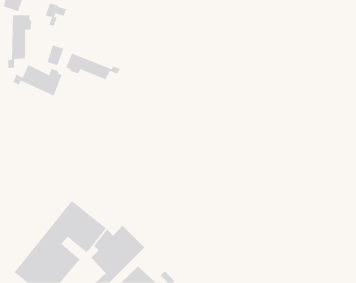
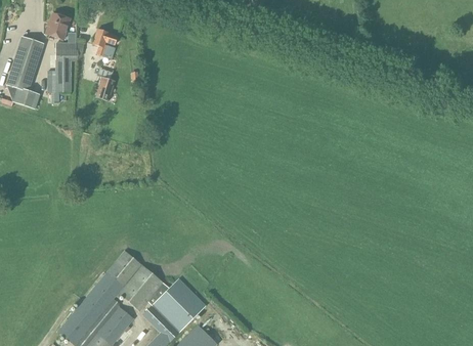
building: [65,53,121,80] -> none
building: [12,64,62,97] -> none

